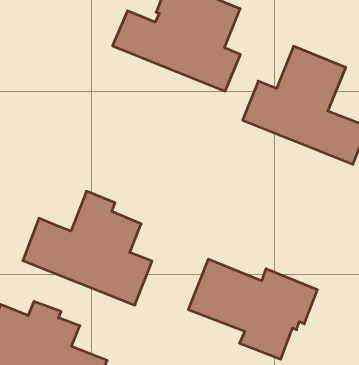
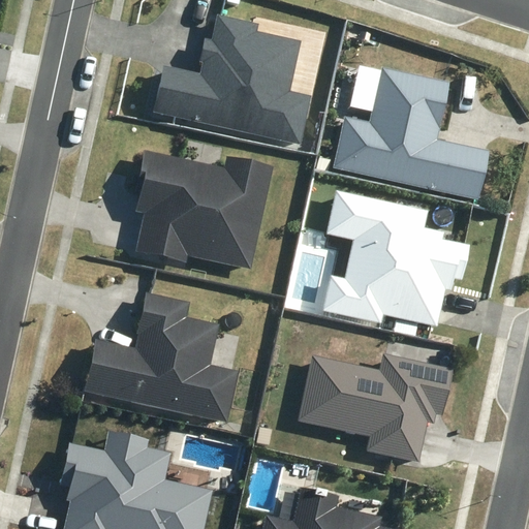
building: none -> [128,157,269,275]
building: none -> [324,191,468,326]

